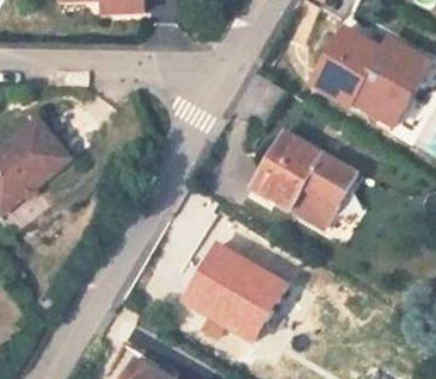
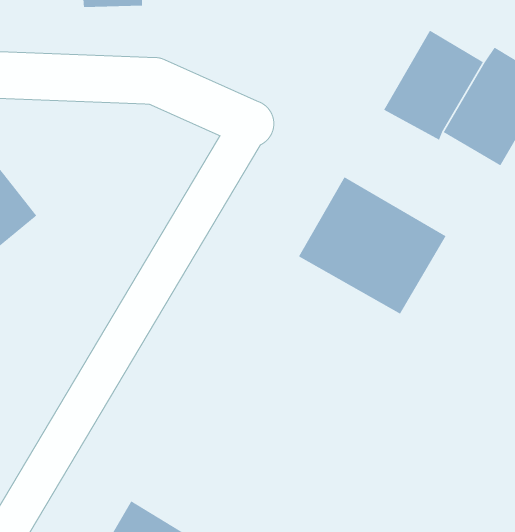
building: [185,246,275,340] -> none

